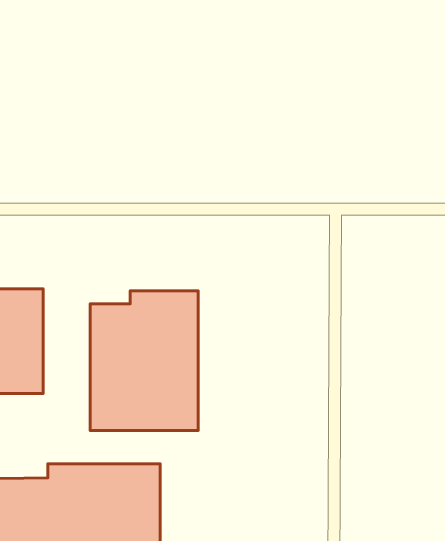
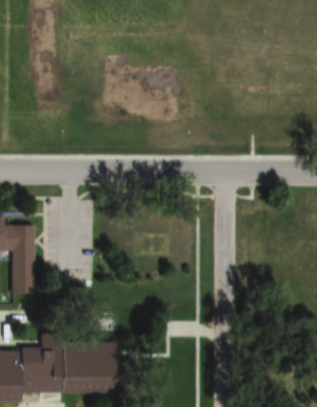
building: [90,291,198,430] -> none

